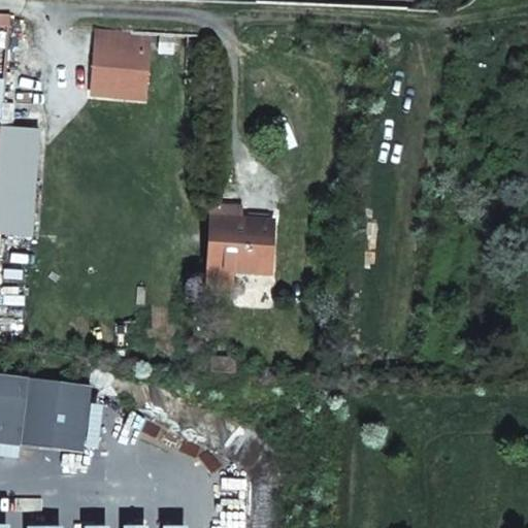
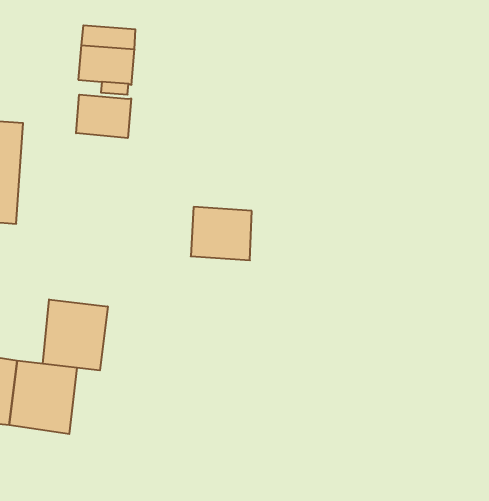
building: none -> [76,95,131,138]
building: none -> [43,299,108,370]

